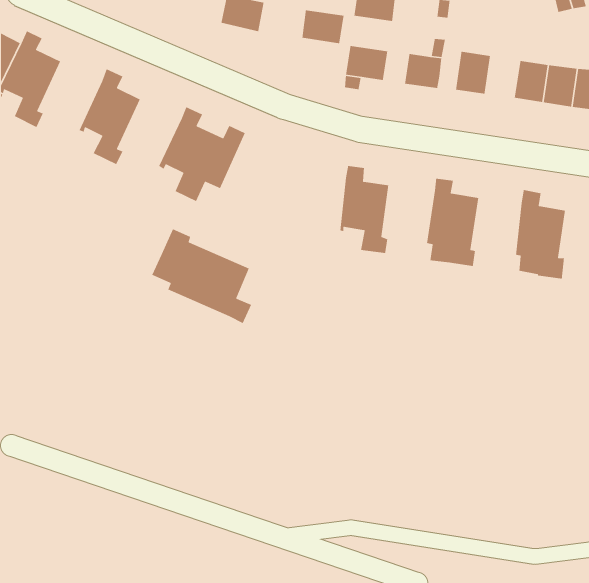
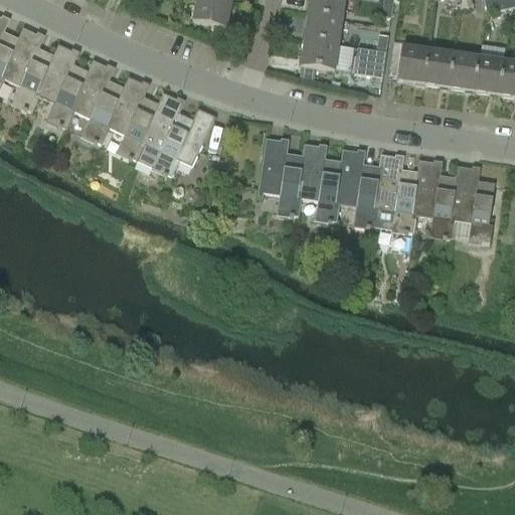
building: [302,9,344,44] -> [306,14,343,44]
building: none -> [34,43,90,128]
building: none -> [423,48,454,85]
building: none -> [104,76,159,160]
building: none -> [258,138,302,216]
building: none -> [334,149,379,227]
building: none -> [411,160,455,237]
building: [151,228,252,324] -> none

